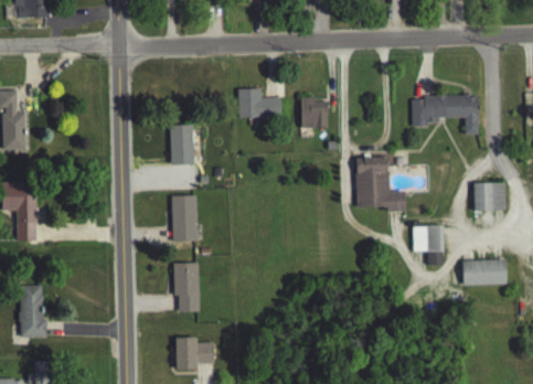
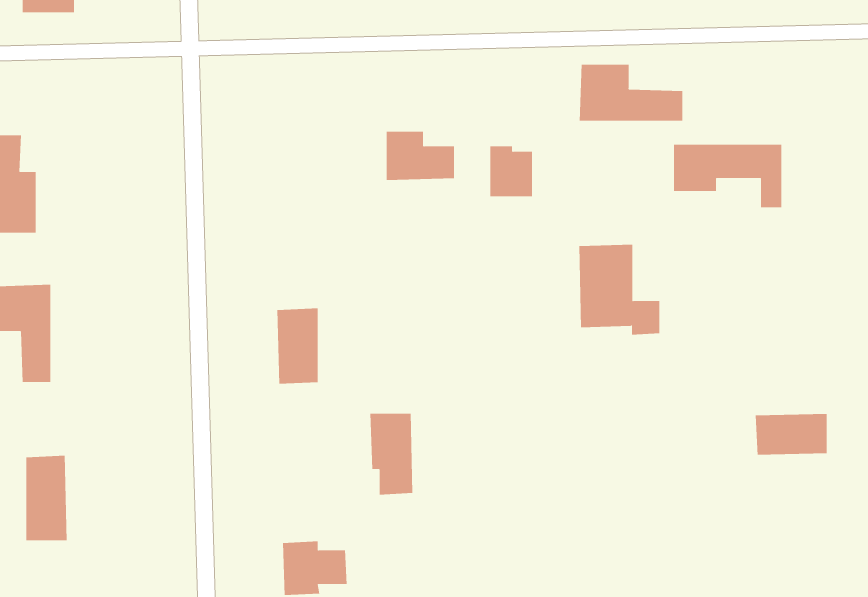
building: none -> [579,64,683,121]
building: [170,125,194,164] -> none
building: [475,183,507,211] -> none
building: [413,225,444,265] -> none
building: [173,263,200,312] -> [370,413,413,495]

